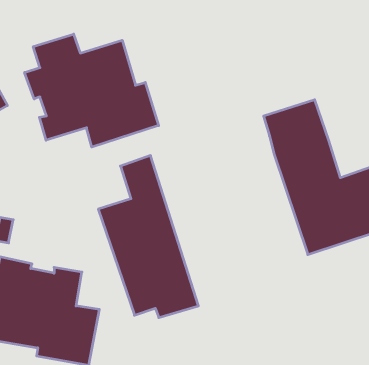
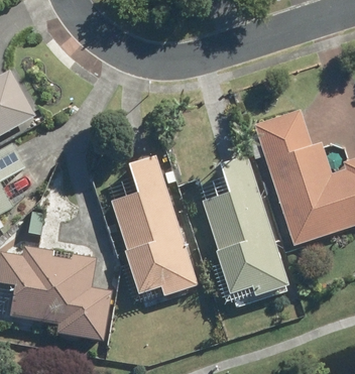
building: [25,34,159,147] -> none
building: none -> [203,155,290,295]

